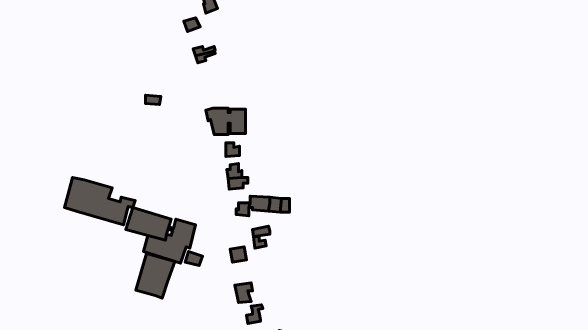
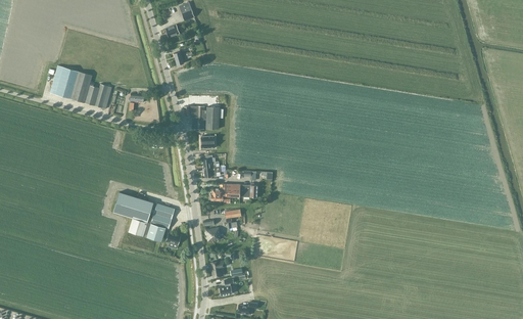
building: [64,177,135,225] -> [50,66,112,108]
building: [136,253,175,298] -> none

